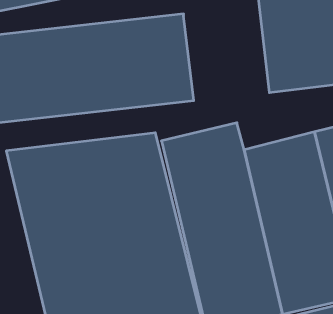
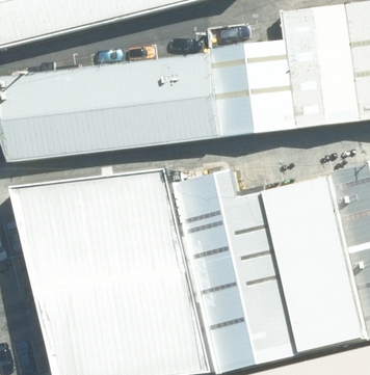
building: none -> [201,42,289,138]

